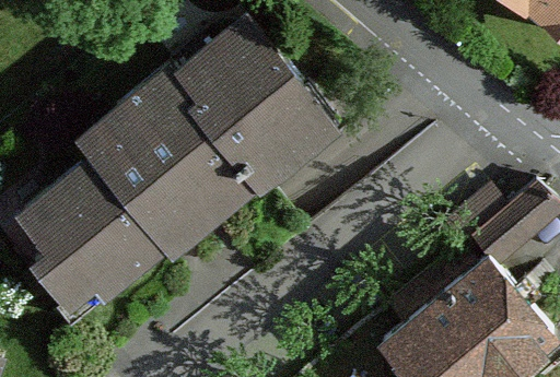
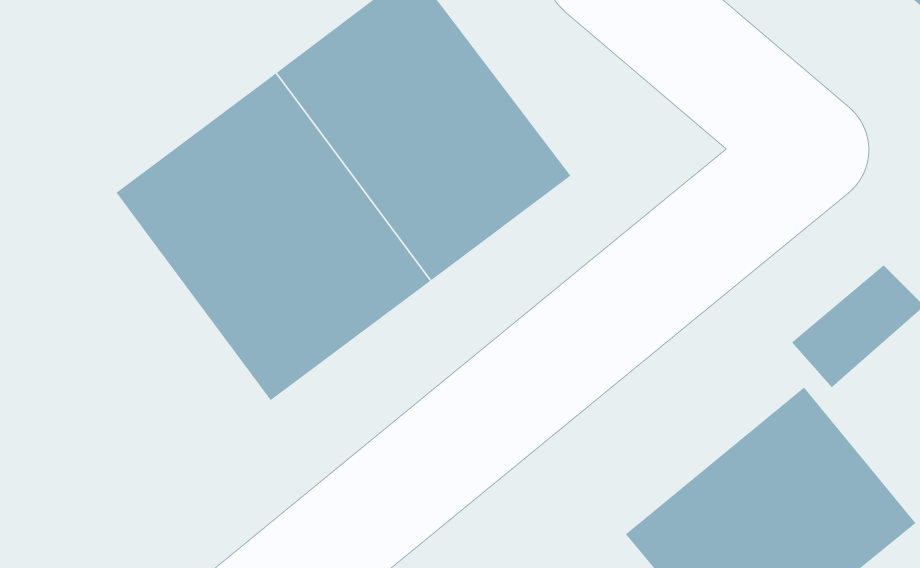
building: [11,168,165,327] -> none

